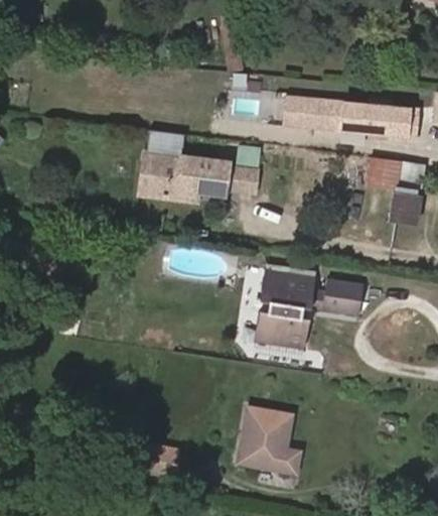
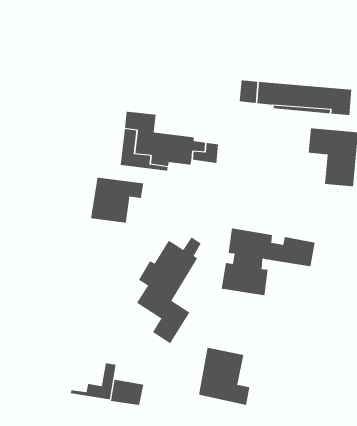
building: none -> [91,177,144,223]
building: none -> [136,237,201,344]
building: none -> [70,363,116,400]

